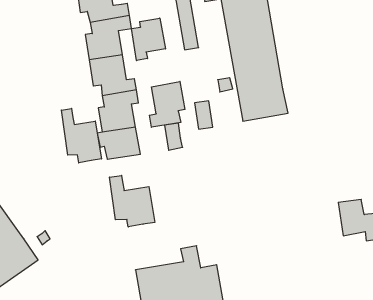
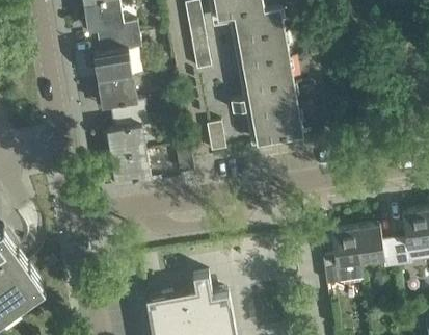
building: [131,18,165,61] -> none
building: [149,81,185,127] -> none
building: [61,108,101,163] -> none
building: [110,175,155,227] -> none
building: none -> [323,228,363,286]

